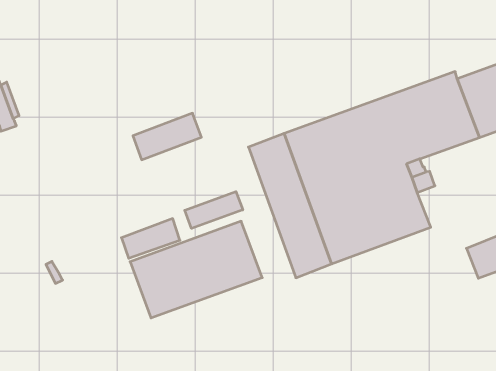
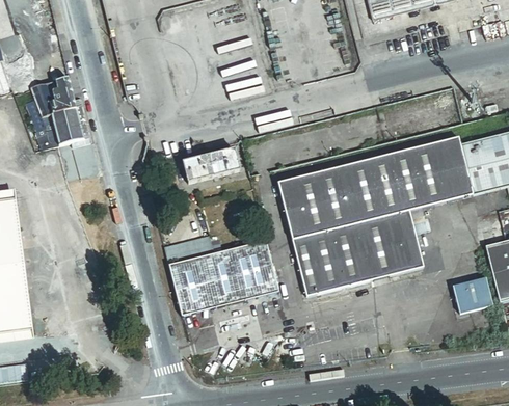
building: [185,192,243,228] -> none

